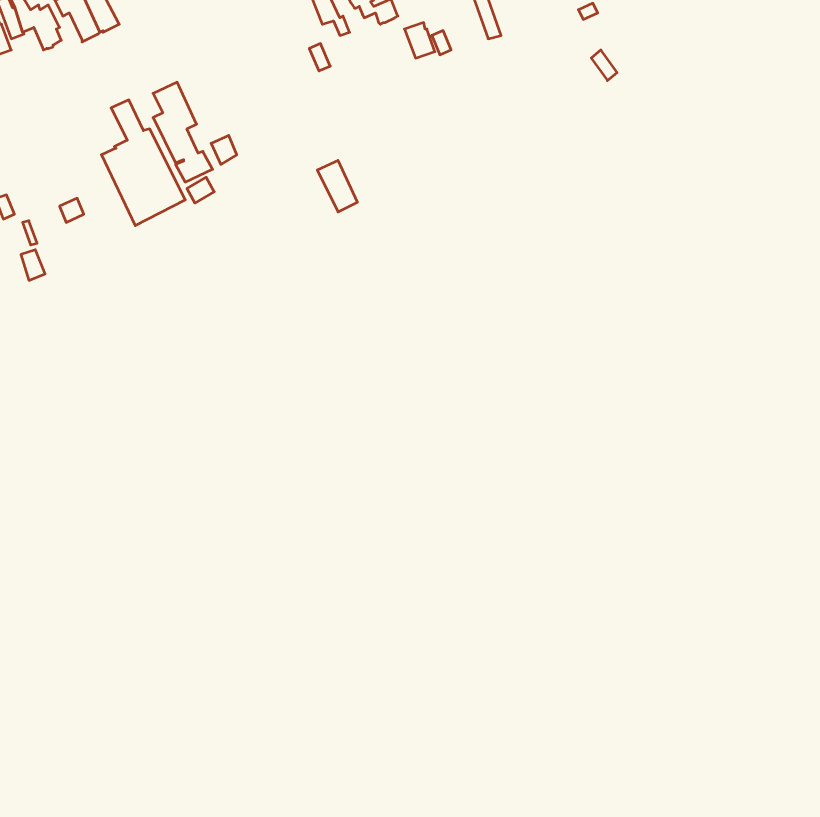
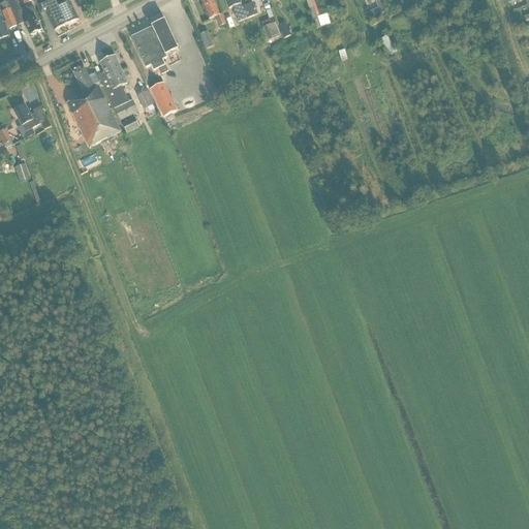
building: none -> [129,17,177,70]
building: none -> [12,101,50,129]
building: [317,160,357,212] -> [149,80,175,113]

